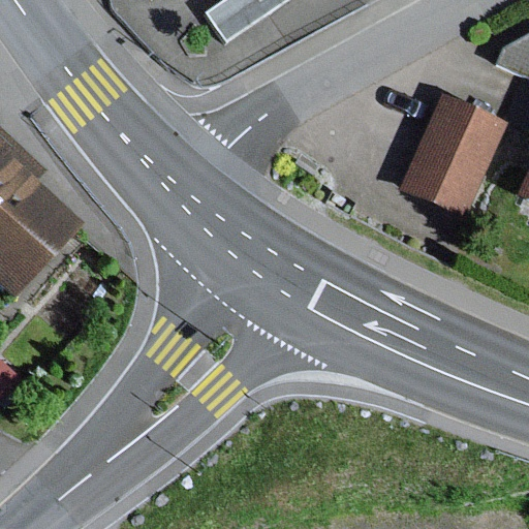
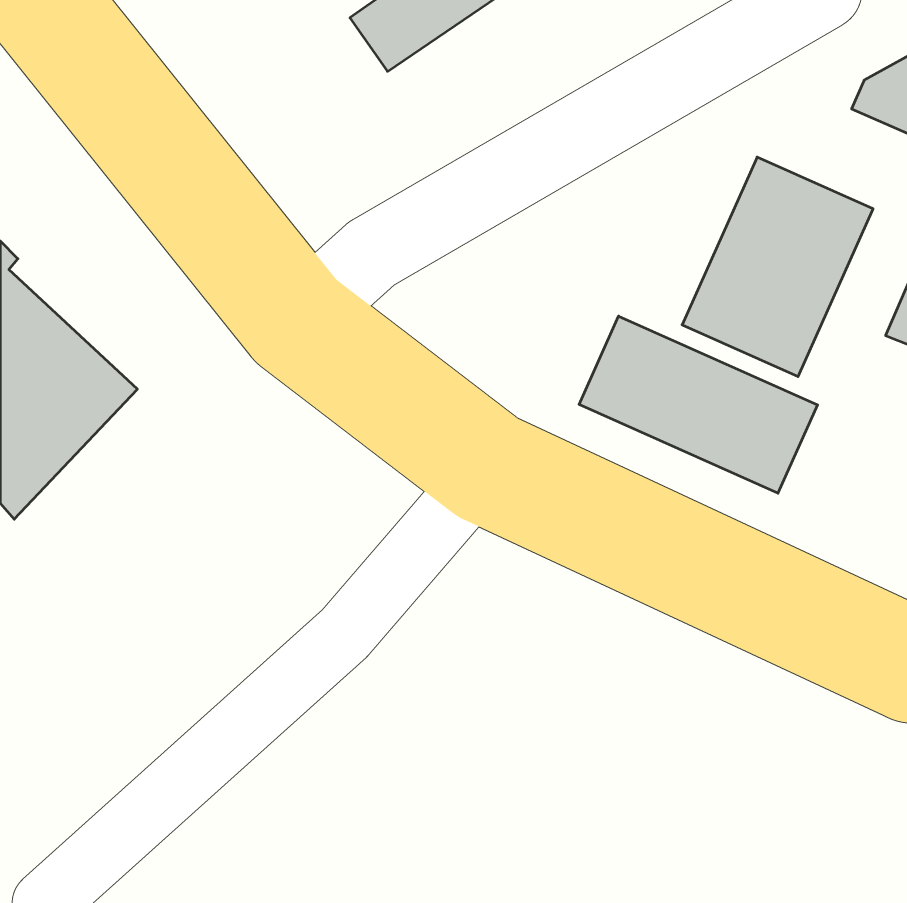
building: none -> [579,316,818,493]

